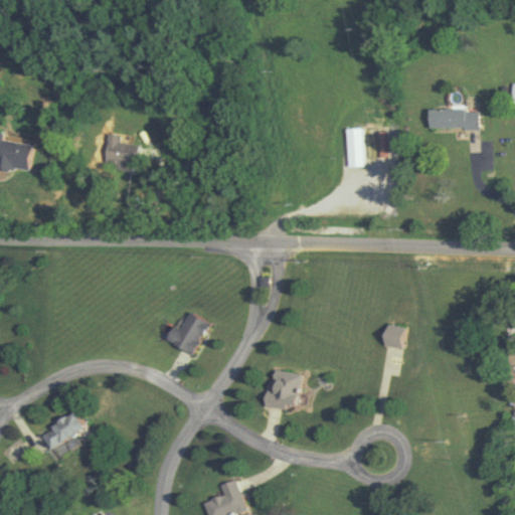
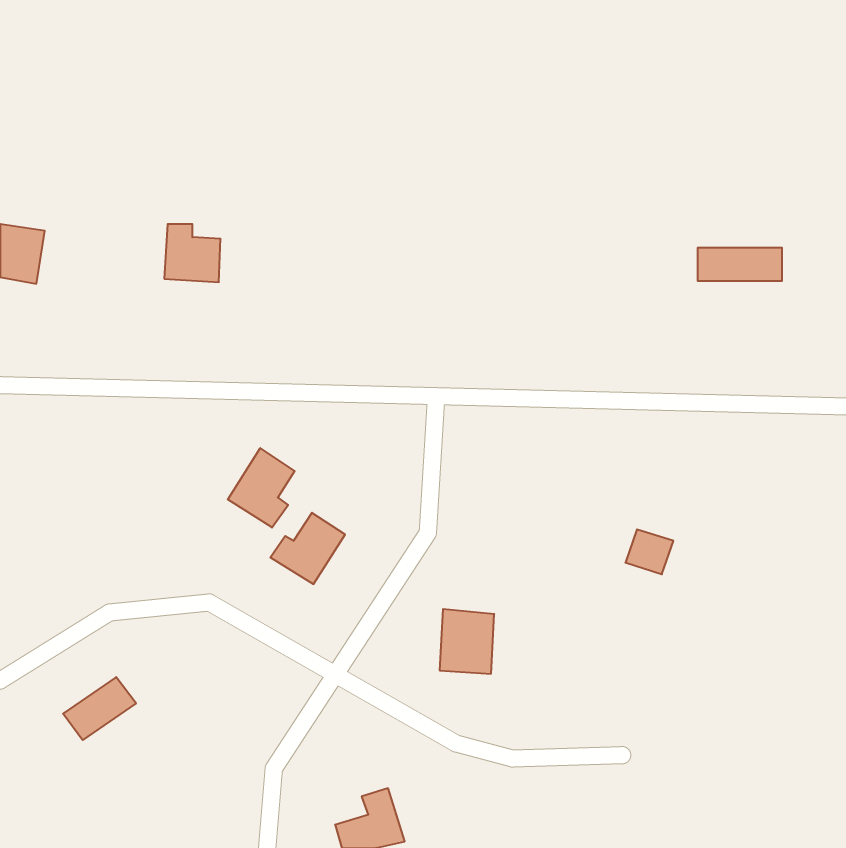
building: [426,110,478,130] -> [698,248,782,281]
building: [347,129,363,167] -> none
building: none -> [228,448,295,528]

